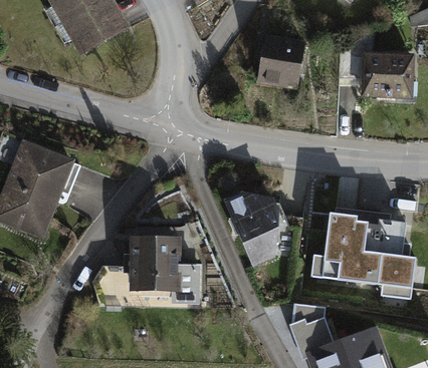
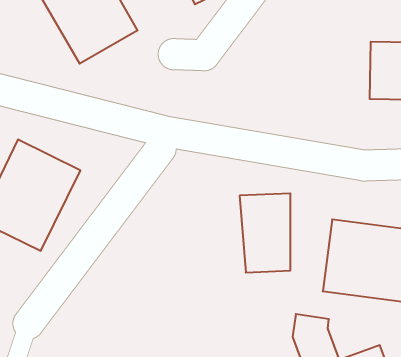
building: [252,31,309,84] -> none
building: [132,222,187,297] -> none

